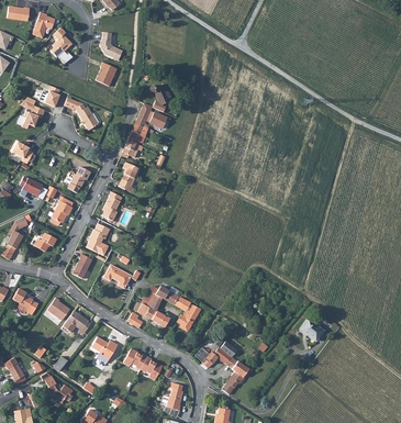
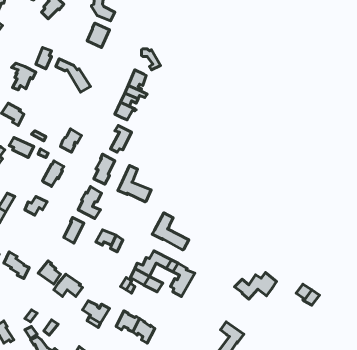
building: none -> [118,166,151,202]
building: none -> [152,213,189,250]
building: [194,342,236,368] -> [234,273,277,299]

